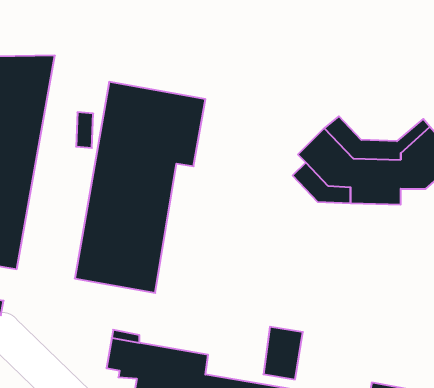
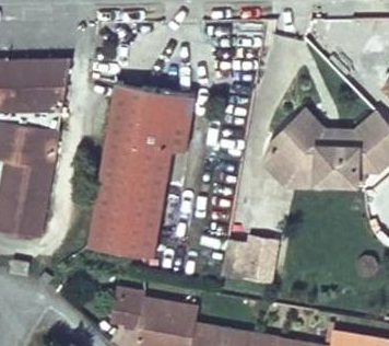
building: [263,327,303,379] -> [244,238,276,281]

